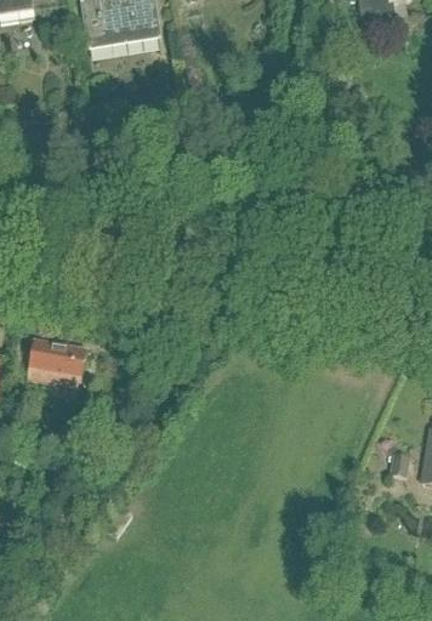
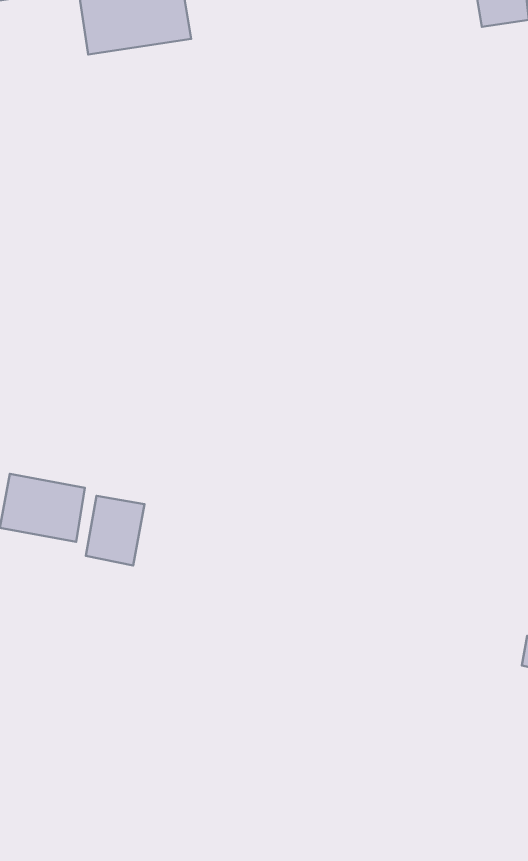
building: none -> [86,496,144,565]

